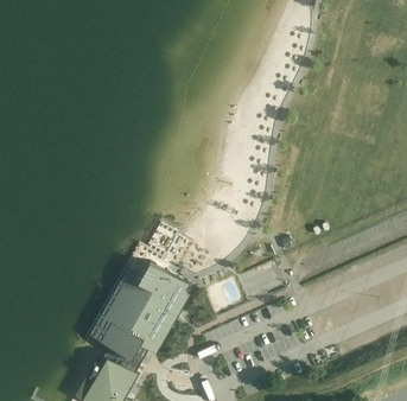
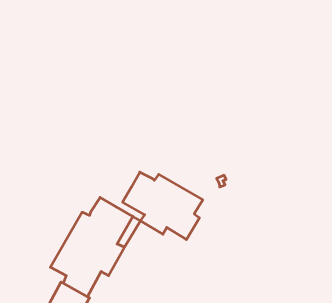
building: none -> [123,172,203,240]

